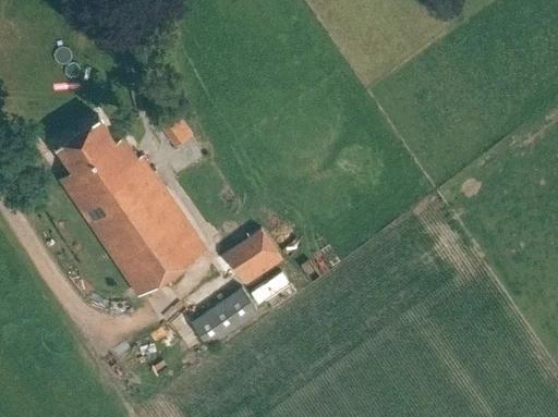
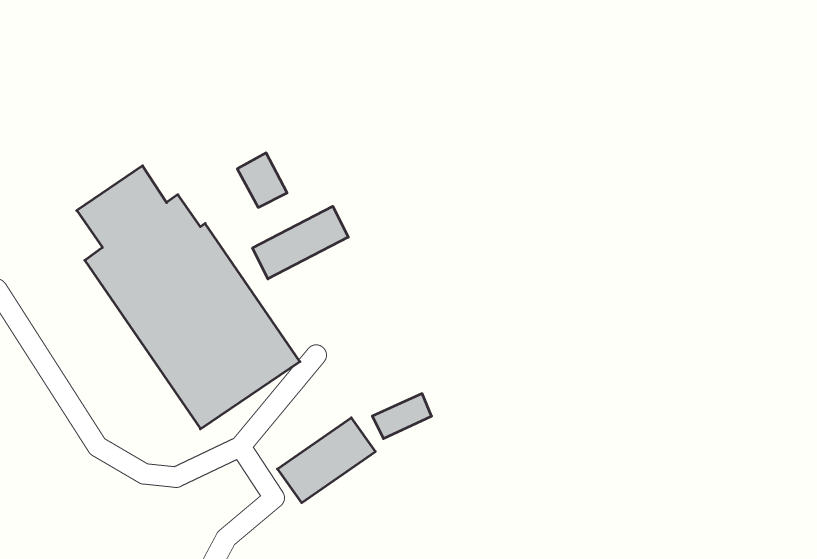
building: none -> [253,206,348,279]
building: [225,230,283,286] -> none

